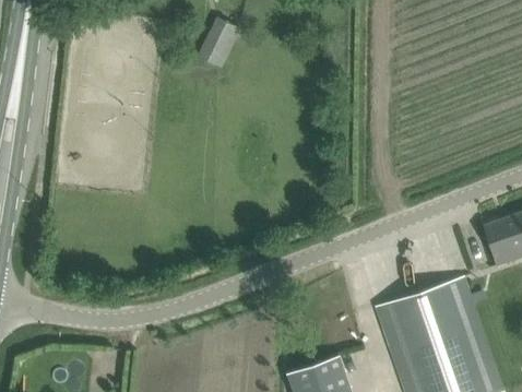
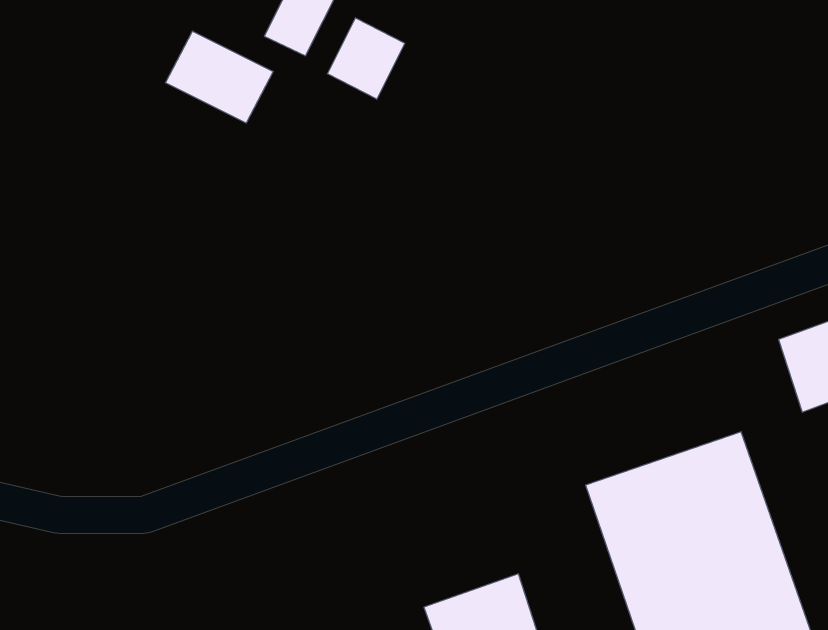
building: none -> [327,18,405,99]
building: none -> [166,31,273,123]

